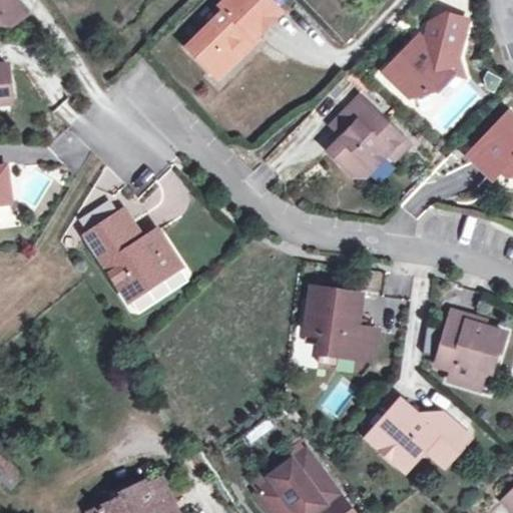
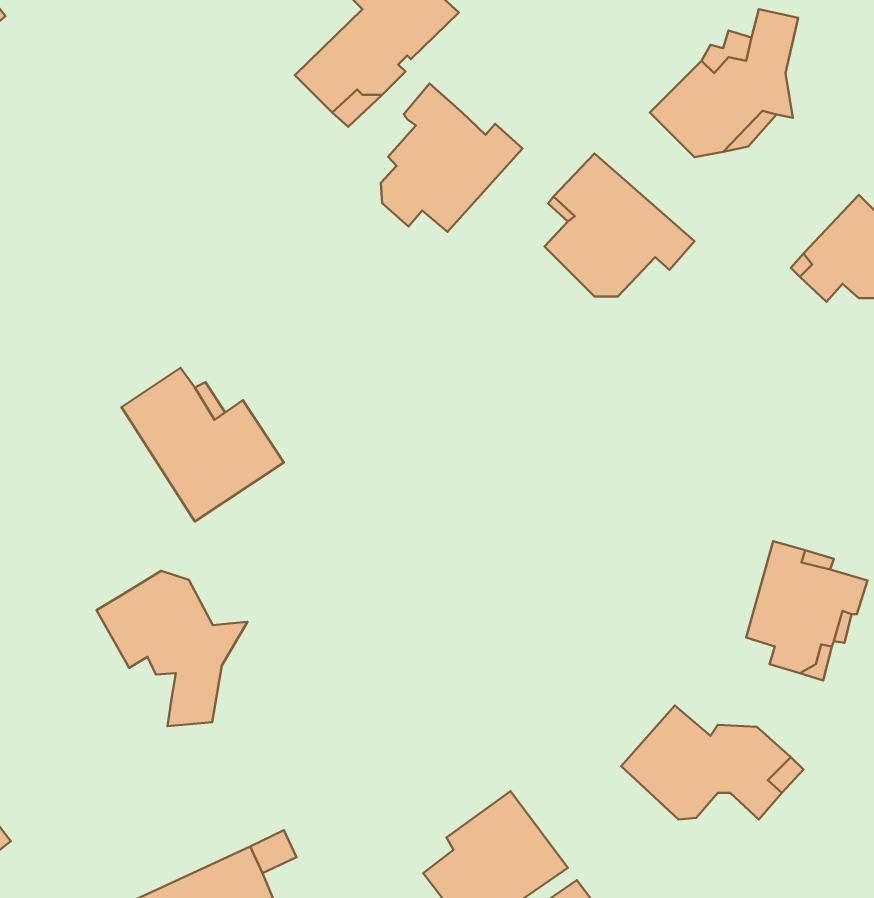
building: none -> [381,84,523,232]
building: [305,286,377,358] -> none
building: none -> [96,571,247,726]

